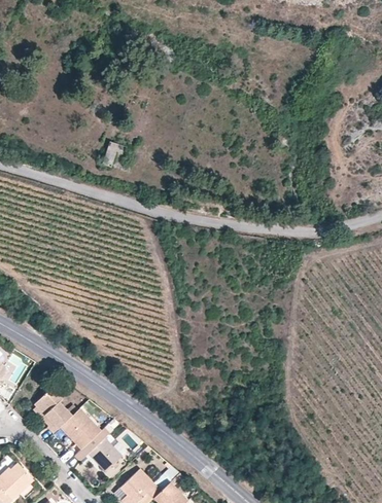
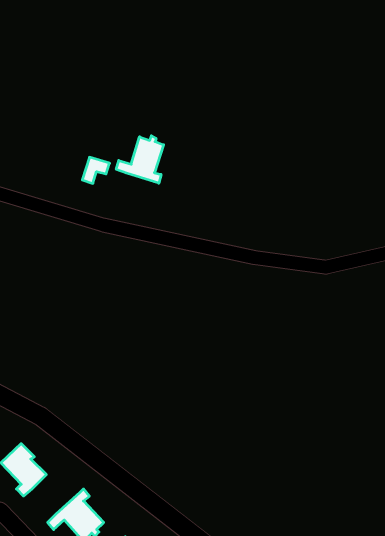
building: none -> [116,136,164,183]
building: [60,408,101,448] -> none

